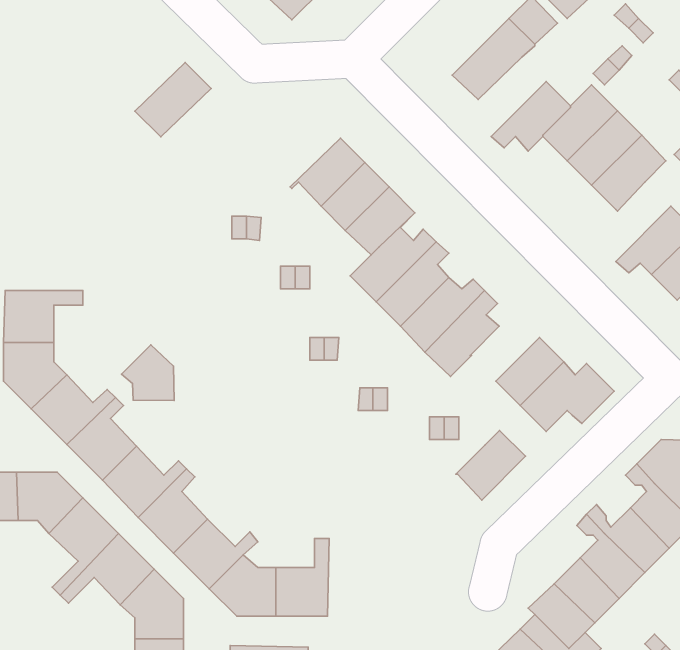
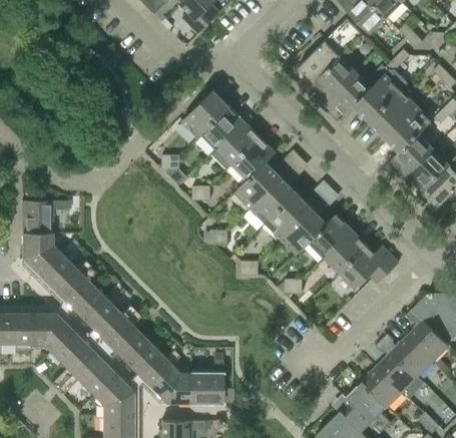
building: none -> [315,57,357,106]
building: [135,62,211,137] -> [182,91,230,137]
building: none -> [391,134,434,183]
building: [121,345,174,401] -> none
building: [456,430,526,500] -> [310,214,353,258]

